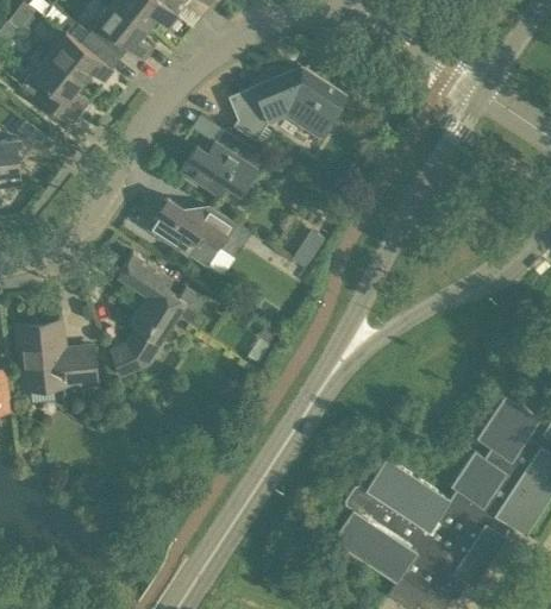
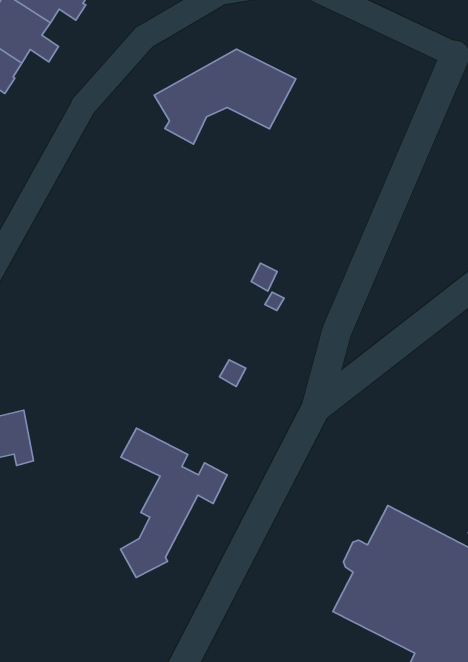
building: [181,142,258,195] -> none
building: [149,199,234,256] -> none
building: [109,253,205,377] -> [120,428,227,578]

